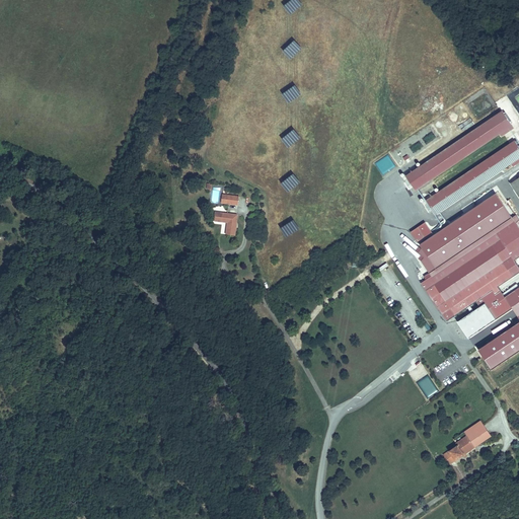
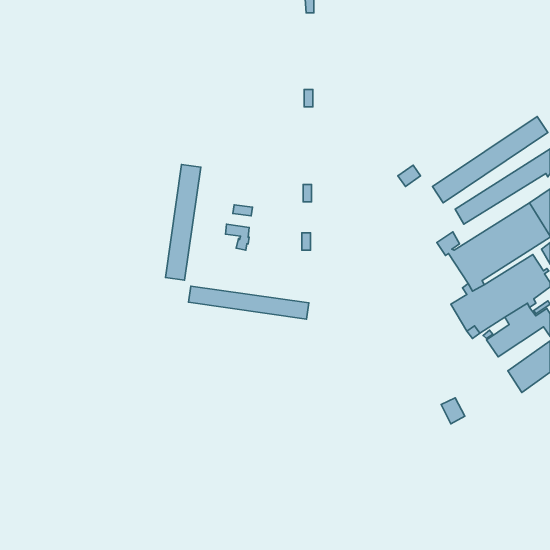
building: none -> [166,164,201,280]
building: none -> [189,286,309,319]
building: [443,420,493,464] -> none

